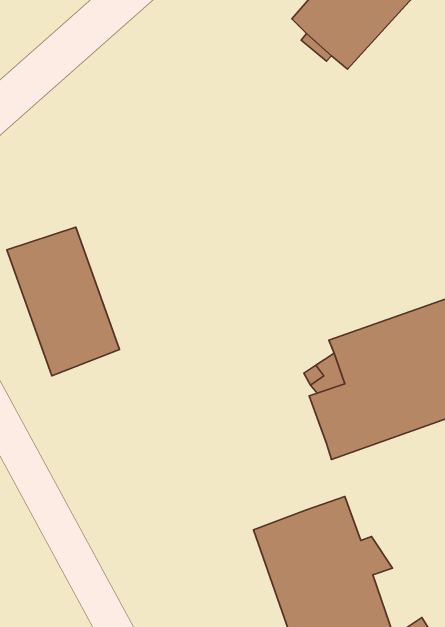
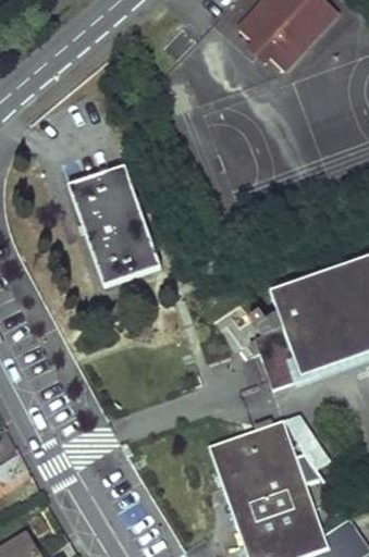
building: [7,227,119,376] -> [69,166,161,288]

